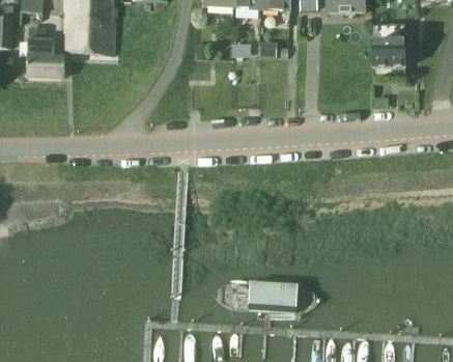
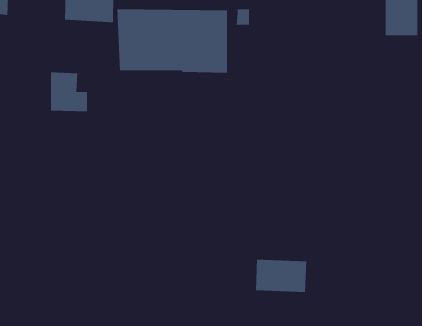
building: [28,37,64,76] -> [50,72,88,112]
building: none -> [117,9,228,73]

